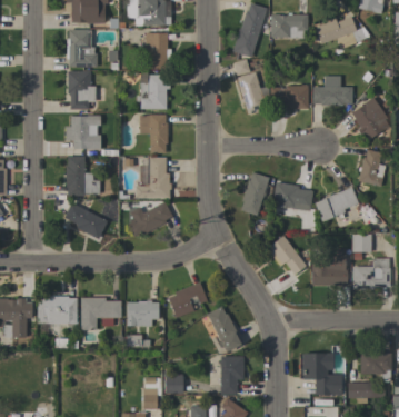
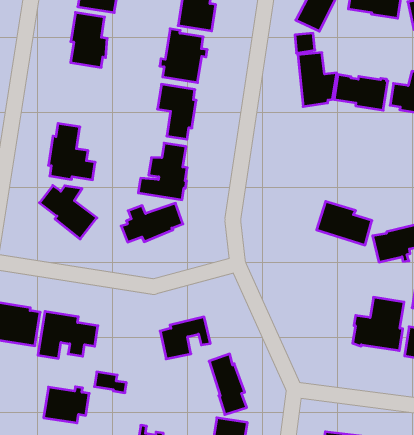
building: [66,116,100,149] -> none
building: [240,172,269,215] -> none
building: [267,236,306,275] -> none
building: [127,299,158,326] -> [44,387,89,423]

